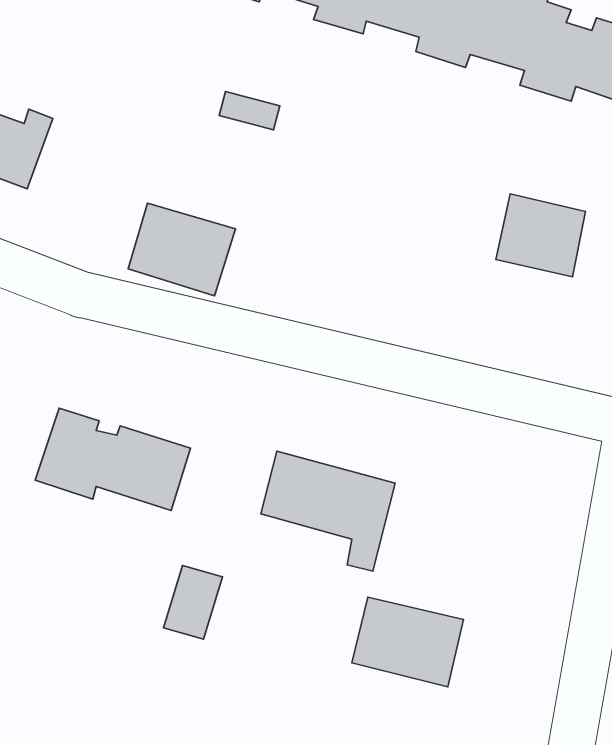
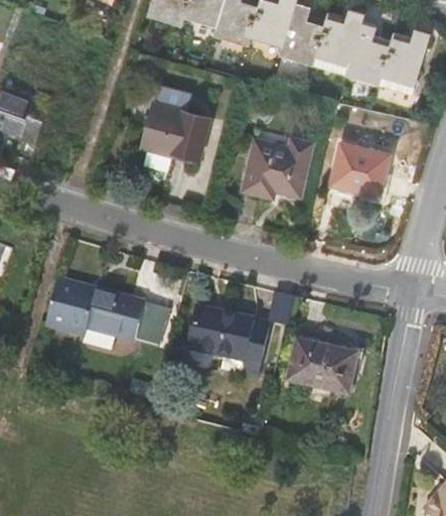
building: none -> [238,137,311,197]
building: [128,203,235,296] -> [145,107,212,165]
building: [163,566,223,639] -> [127,304,164,351]
building: [352,597,464,687] -> [286,339,356,395]

